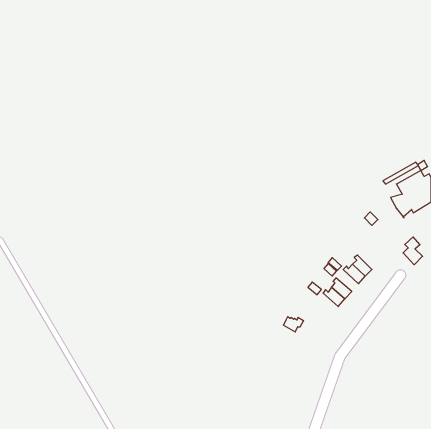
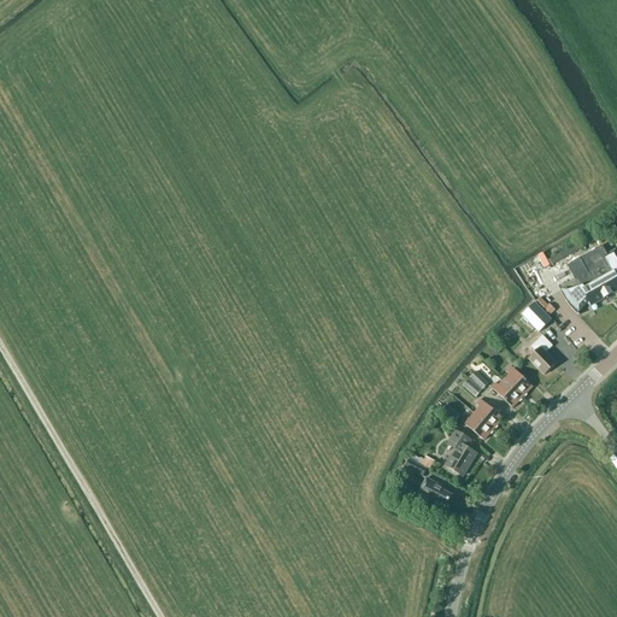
building: [403,237,423,265] -> [528,333,556,372]
building: none -> [445,429,476,474]
building: none -> [417,475,452,503]

